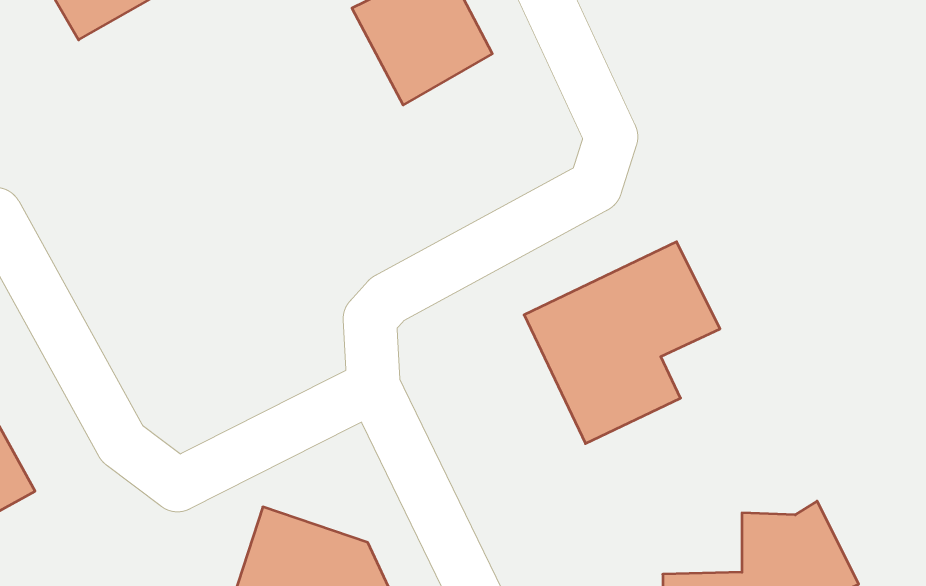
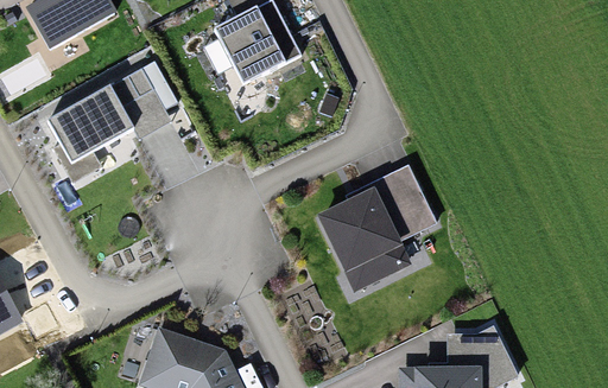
building: none -> [48,59,177,160]

